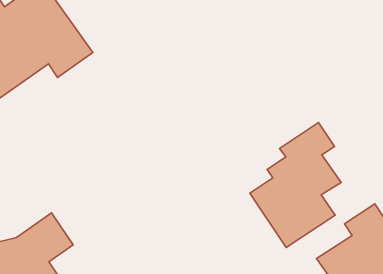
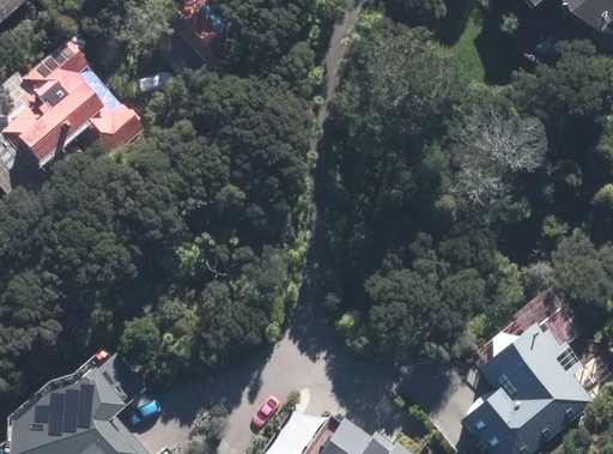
building: [250,122,341,247] -> none

